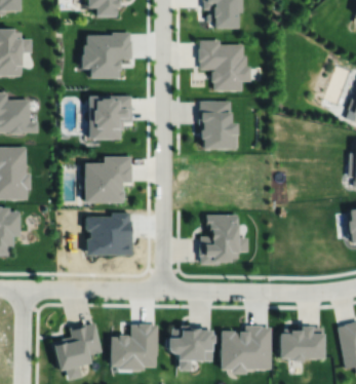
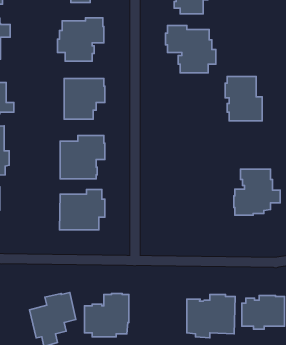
building: [198,102,237,149] -> [225,77,262,121]
building: [199,216,248,265] -> [234,169,280,215]
building: [167,327,213,372] -> none

